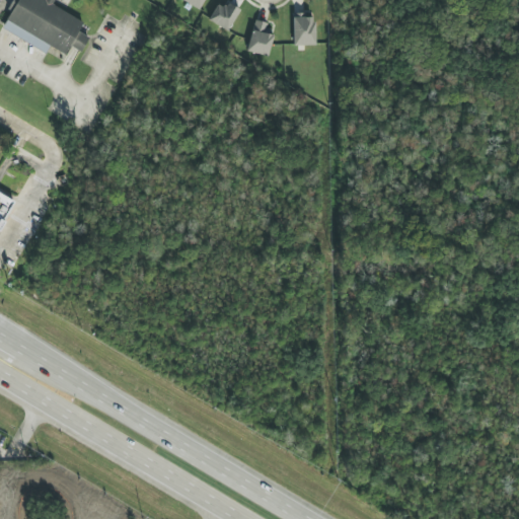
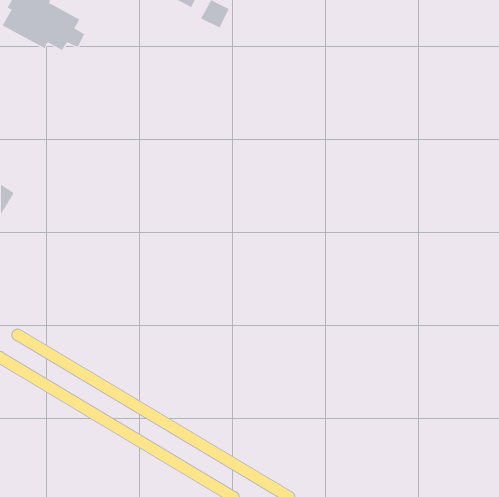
building: [293,12,314,44] -> none
building: [247,18,274,55] -> none

